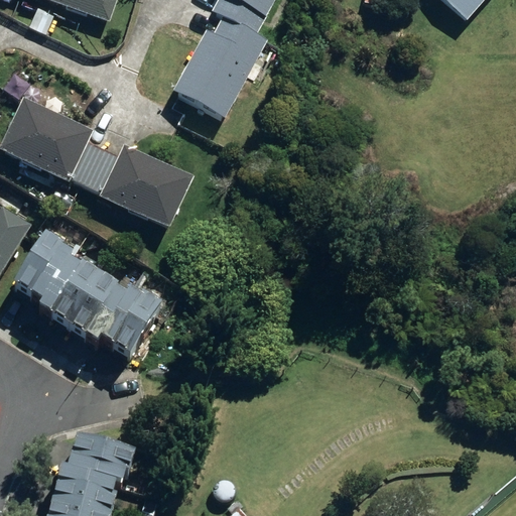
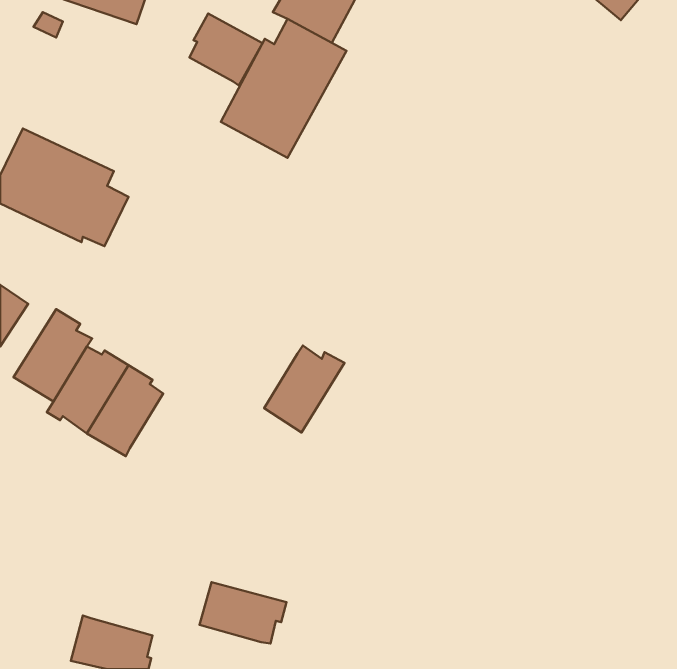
building: none -> [189,14,263,85]
building: [84,143,191,230] -> none
building: [103,290,163,356] -> [264,345,344,432]
building: [74,433,139,480] -> [200,582,287,644]

